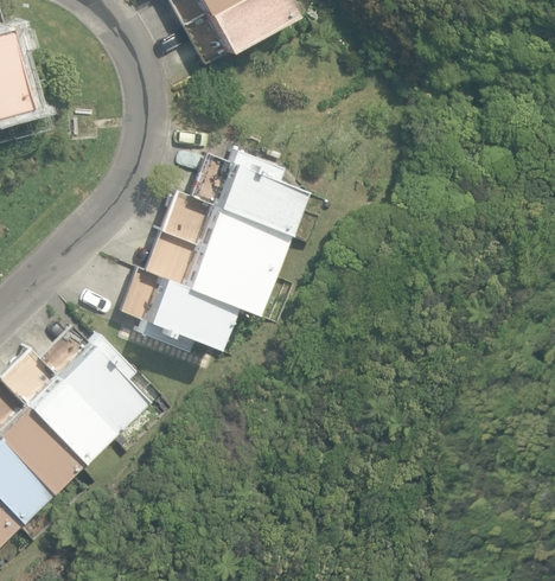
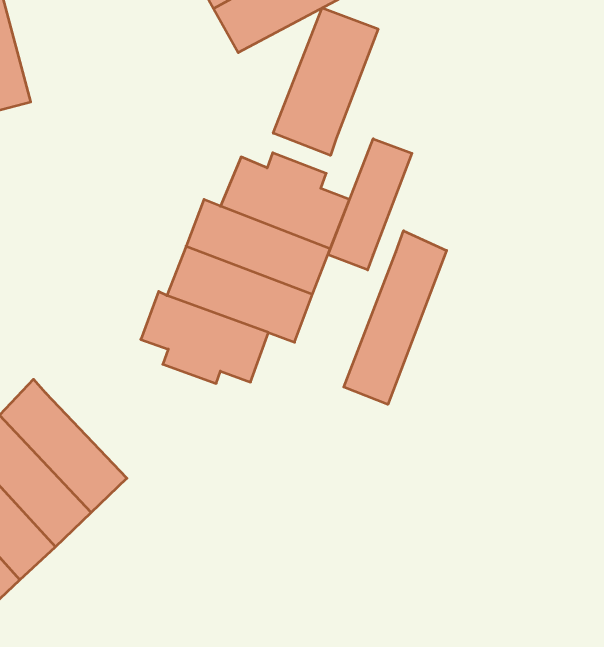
building: none -> [273,8,378,155]
building: none -> [328,139,412,270]
building: none -> [344,231,447,404]
building: [43,328,146,434] -> none

